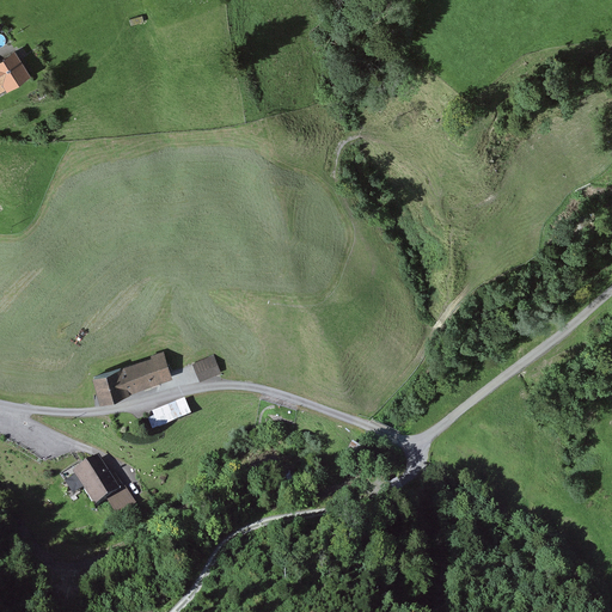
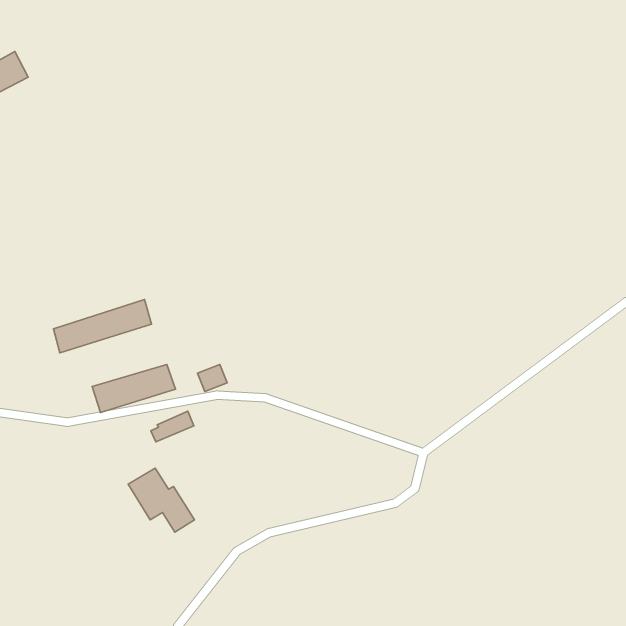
building: none -> [54,300,151,353]
building: [71,457,135,519] -> [128,468,194,532]

